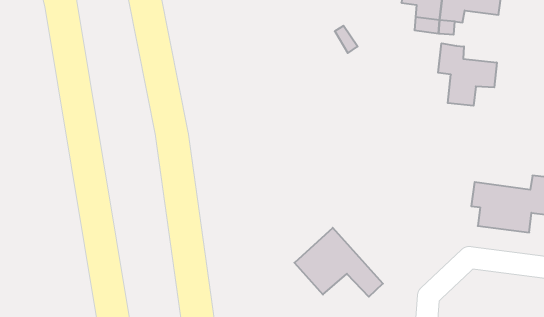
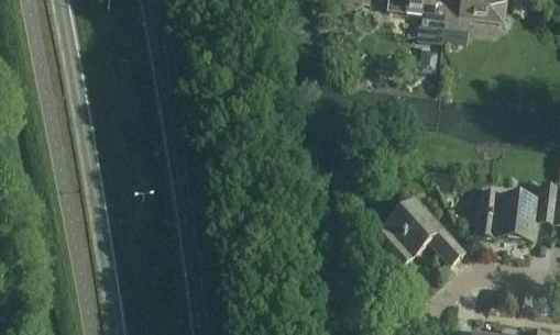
building: [438,43,497,106] -> none
building: [294,228,383,297] -> [375,194,464,264]

